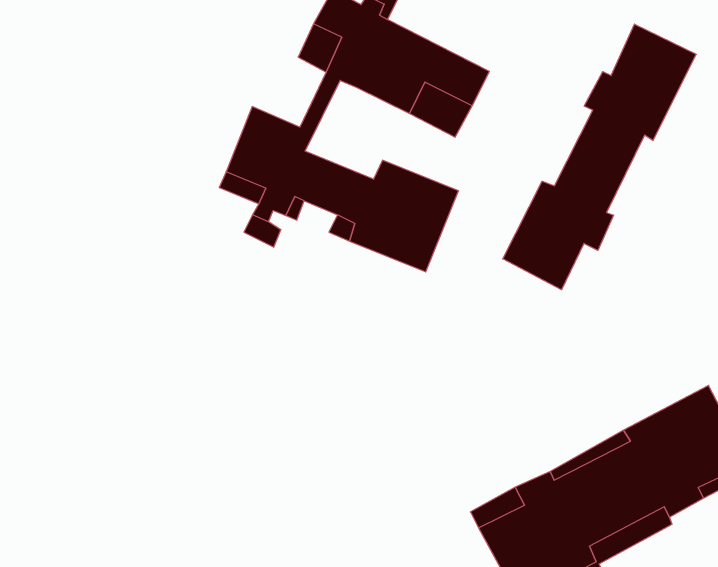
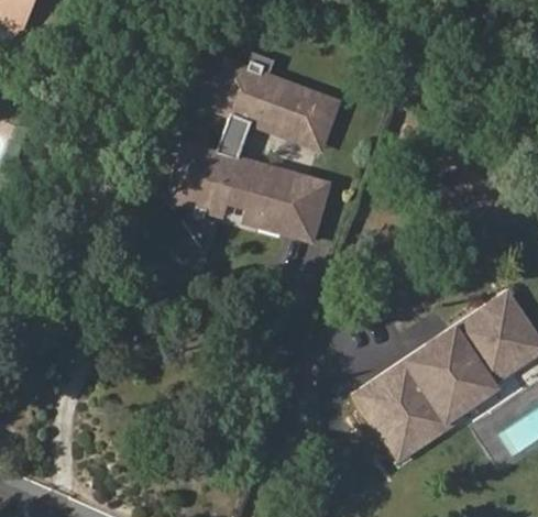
building: [503,24,696,290] -> none
building: none -> [222,120,274,183]

